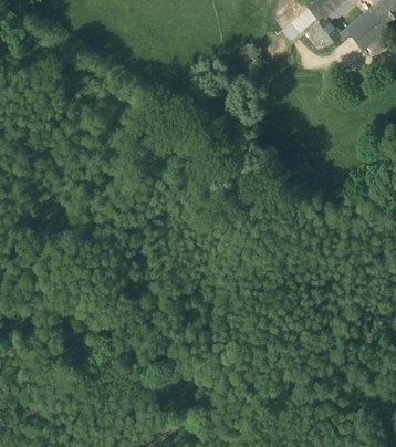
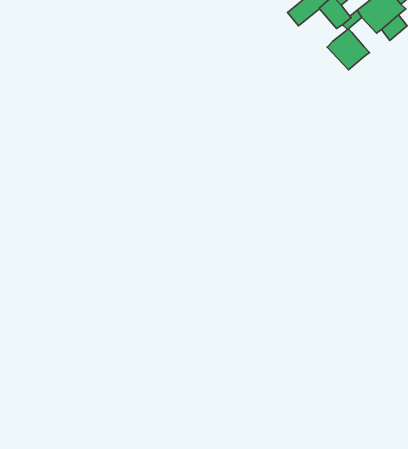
building: none -> [327,29,369,70]

